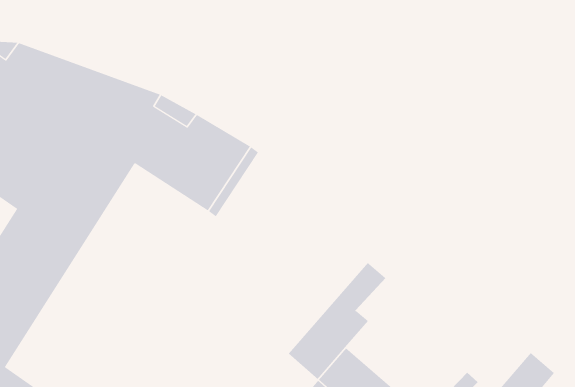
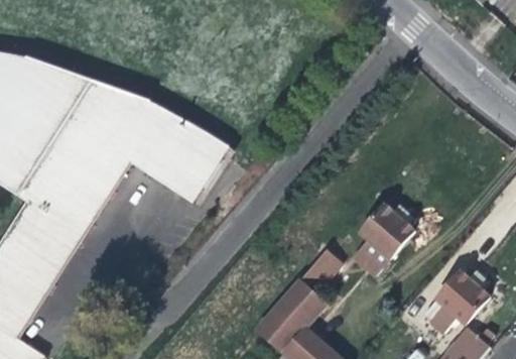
building: none -> [355,202,415,271]
building: none -> [424,268,490,331]

